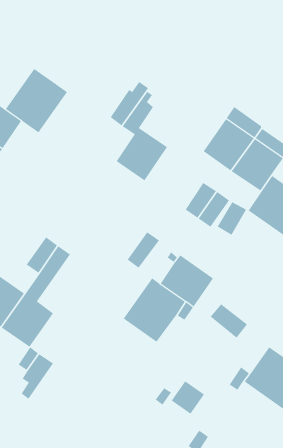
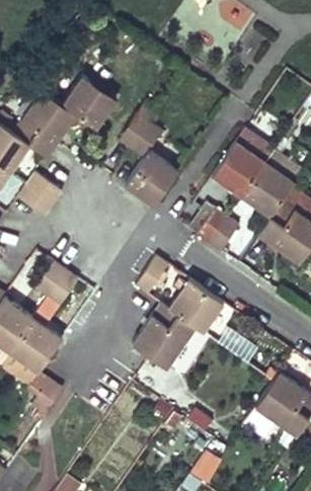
building: none -> [62,76,118,130]
building: none -> [18,173,62,217]

